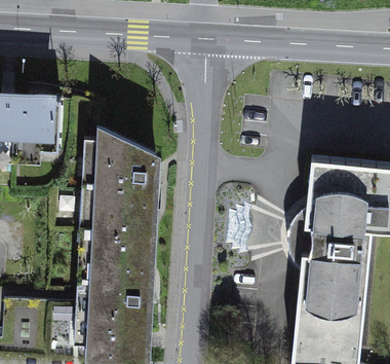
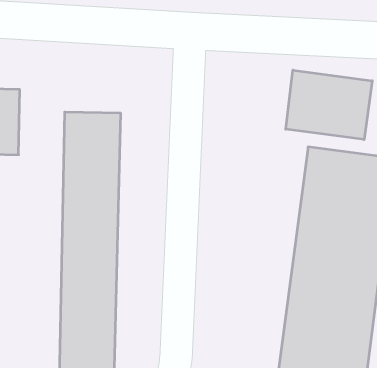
building: none -> [286,70,372,140]

